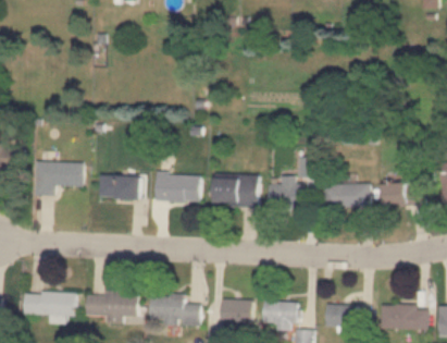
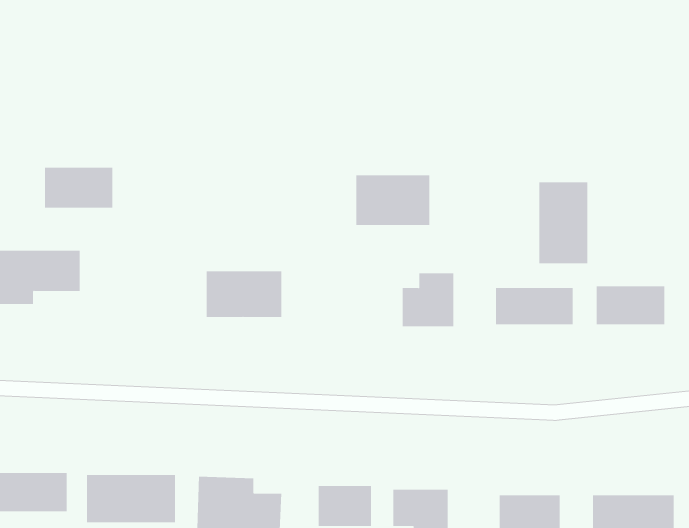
building: none -> [539,181,588,264]
building: [99,175,139,199] -> [44,167,113,208]
building: [213,176,257,206] -> [356,175,430,225]

